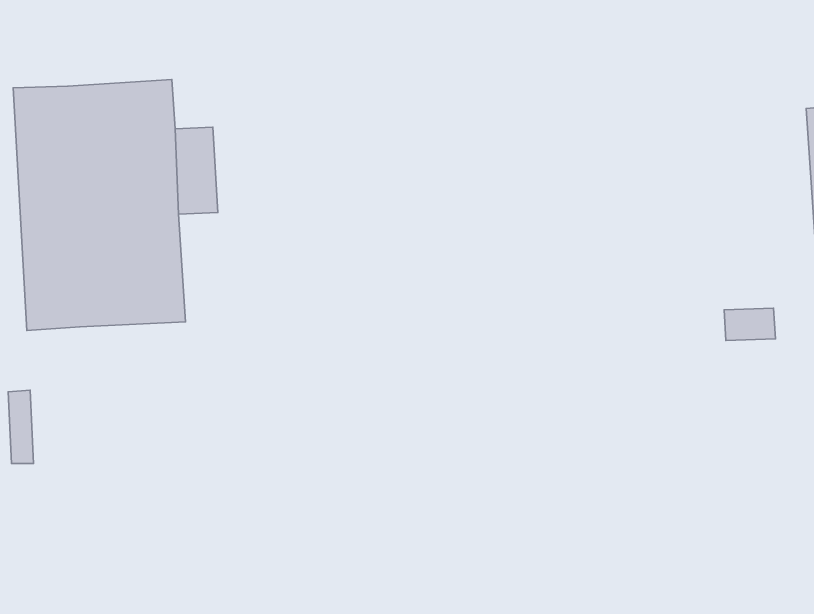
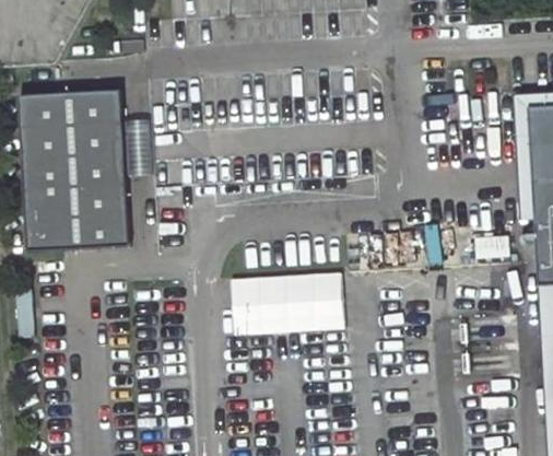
building: none -> [231,272,343,335]

